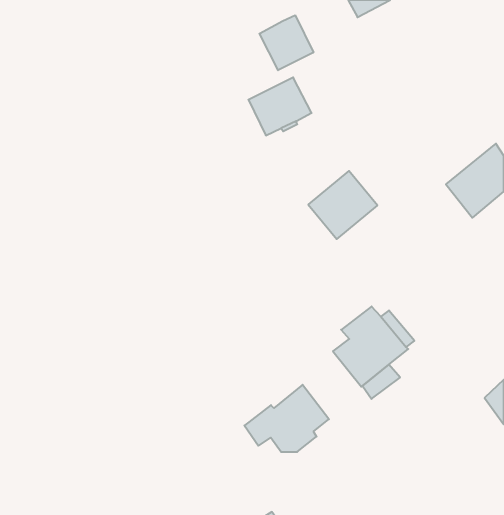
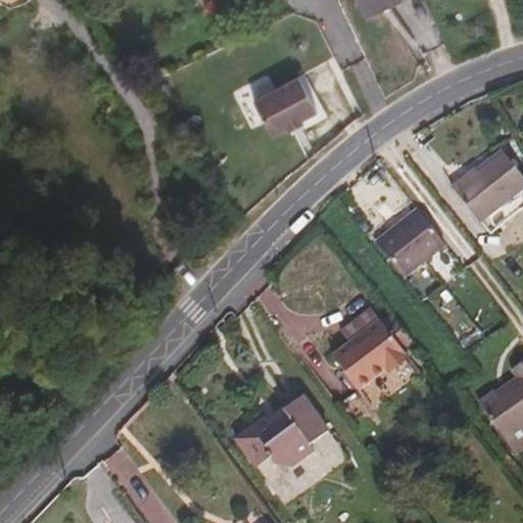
building: [259,15,313,70] -> none
building: [308,171,377,239] -> [376,203,445,272]

